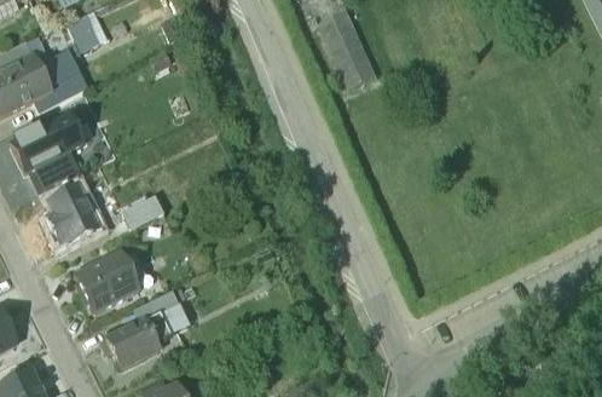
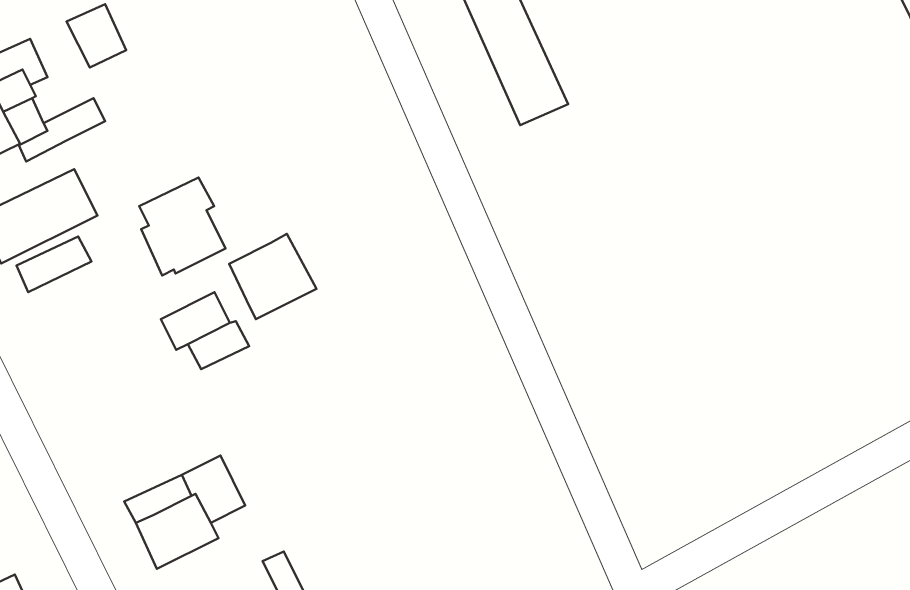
building: none -> [229,234,316,319]
building: [45,182,99,243] -> [139,177,226,275]
building: [73,248,138,310] -> none

